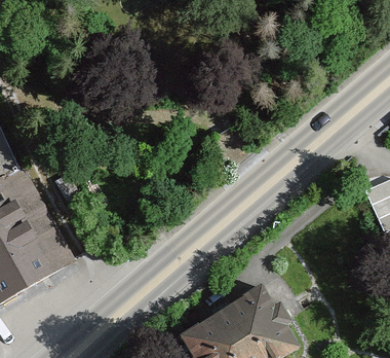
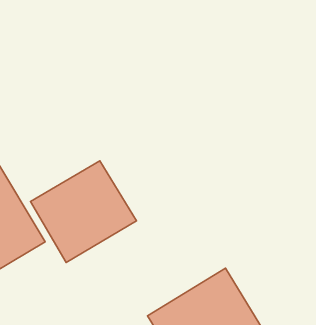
building: none -> [30,161,136,262]

